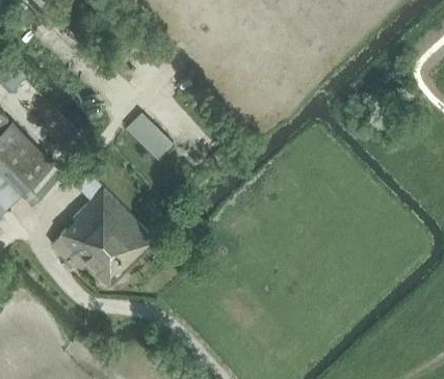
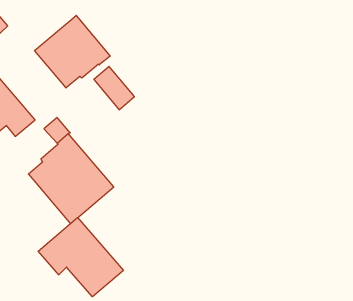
building: none -> [35,15,110,88]
building: none -> [38,218,123,297]

